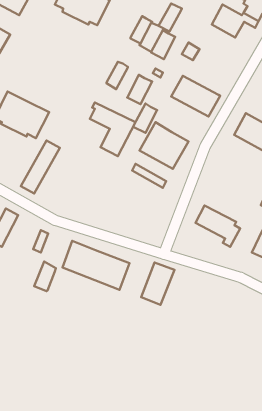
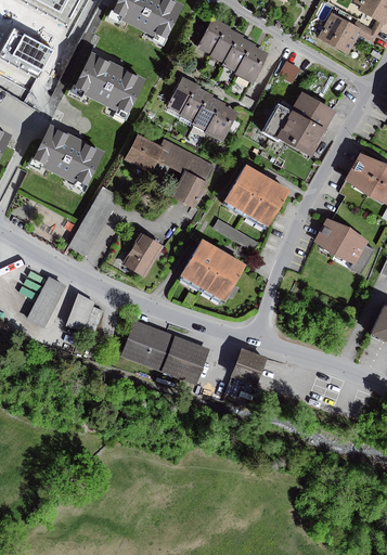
building: [159,3,182,32] -> [196,17,227,54]
building: none -> [74,52,146,113]
building: none -> [166,76,195,113]
building: none -> [292,91,336,129]
building: none -> [125,134,164,172]
building: [133,104,157,133] -> [191,93,222,131]
building: none -> [122,233,163,278]
building: none -> [179,242,244,300]
building: [195,205,240,247] -> [314,219,373,273]
building: [34,261,56,291] -> [66,293,94,332]

